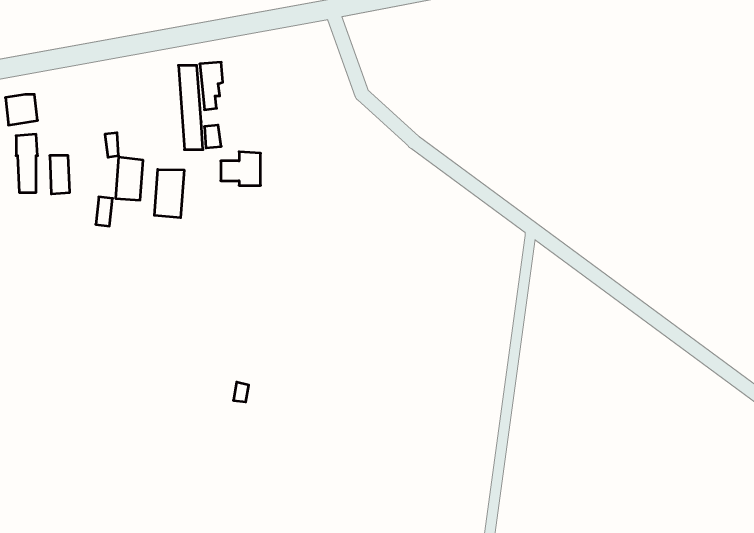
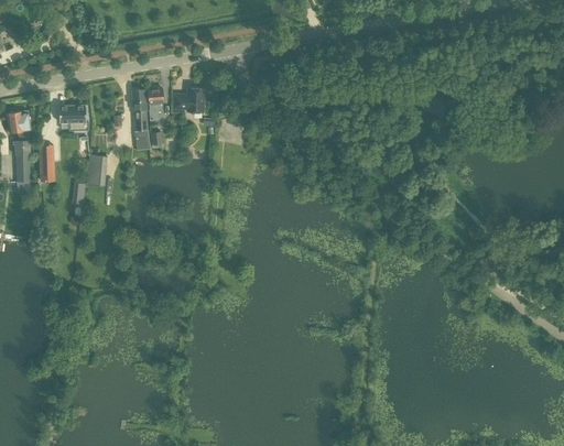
building: none -> [57,106,86,131]
building: [221,152,261,185] -> [174,87,203,111]
building: [154,169,184,218] -> none

